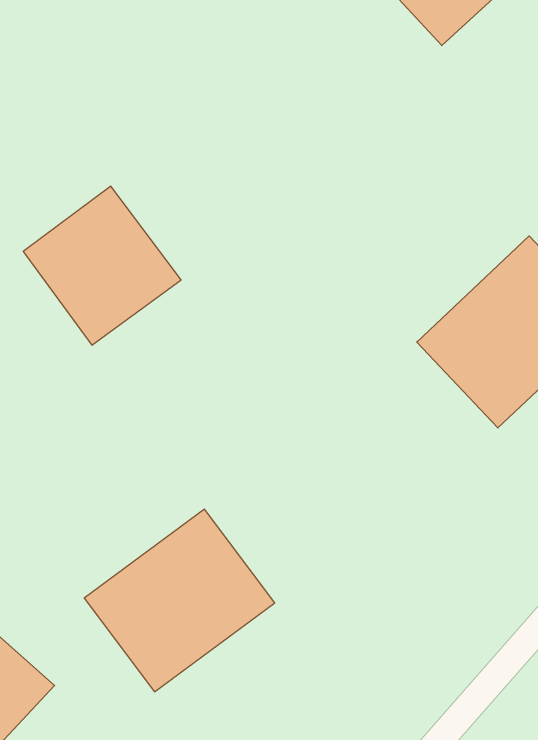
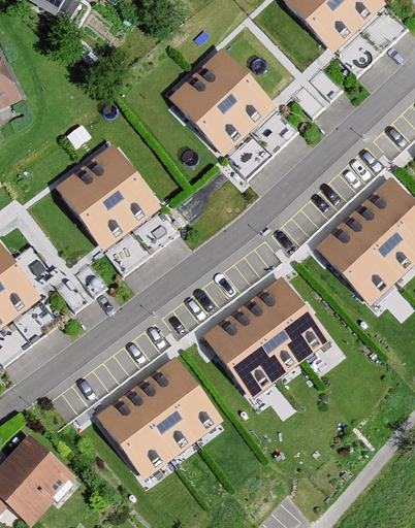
building: none -> [168,48,275,154]
building: none -> [203,276,328,397]

